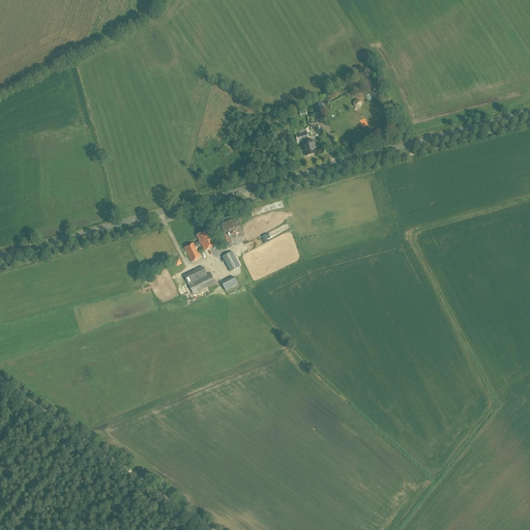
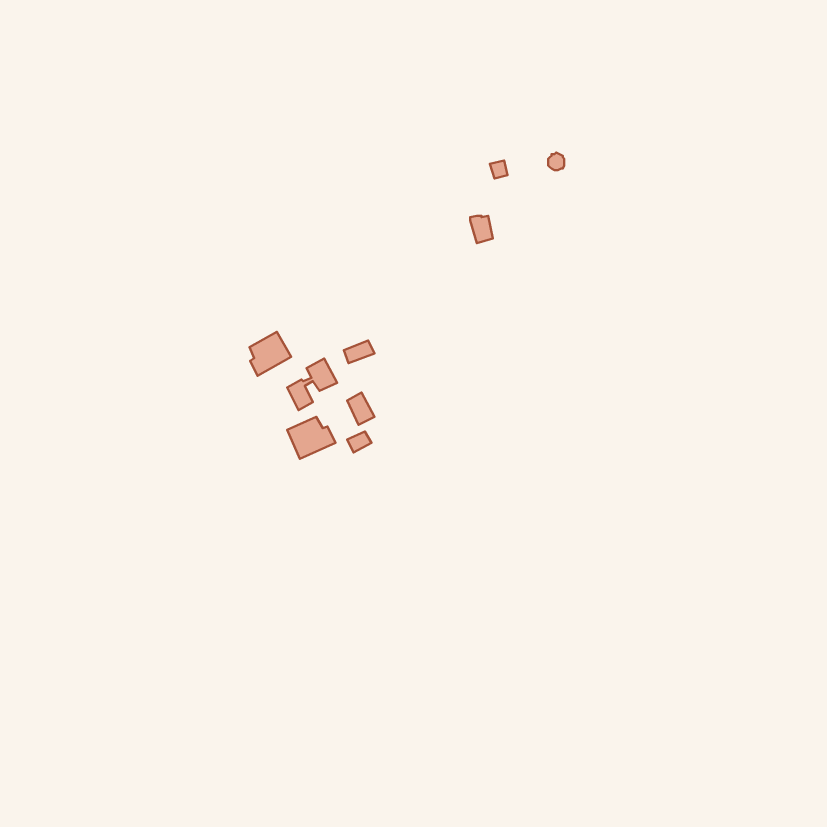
building: none -> [249,332,291,376]

